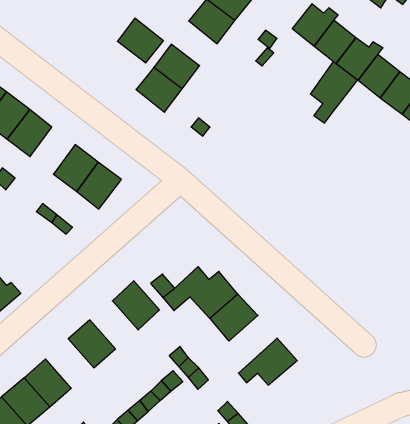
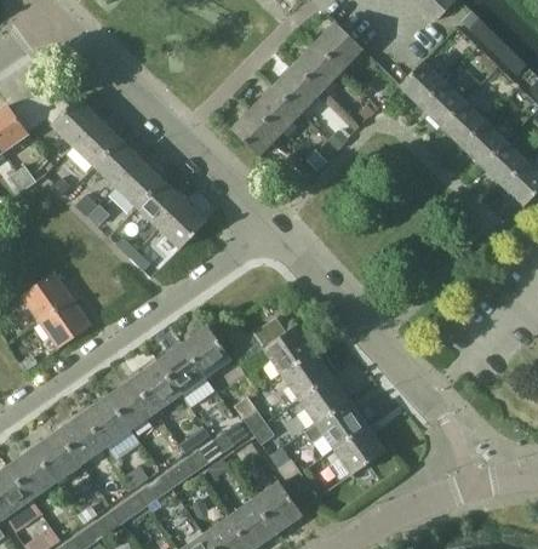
building: [117,18,163,63] -> [273,65,320,113]
building: [310,62,358,123] -> none
building: none -> [115,159,162,207]
building: none -> [158,344,206,394]
building: none -> [298,376,348,424]
building: none -> [108,378,156,429]
building: none -> [333,427,383,474]

